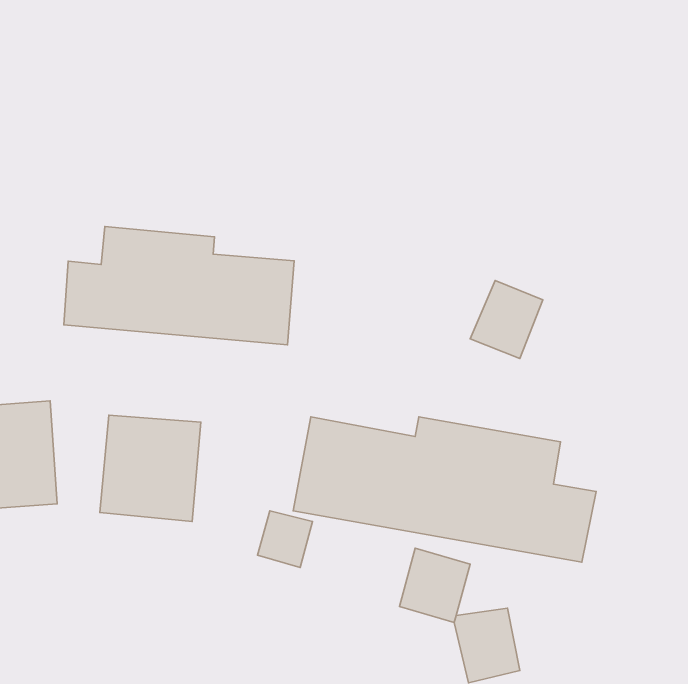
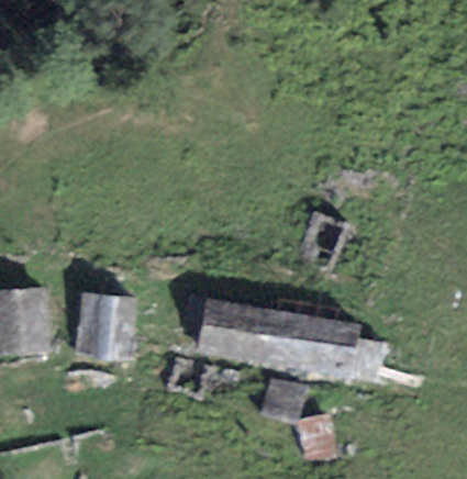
building: [64,227,294,345] -> none

